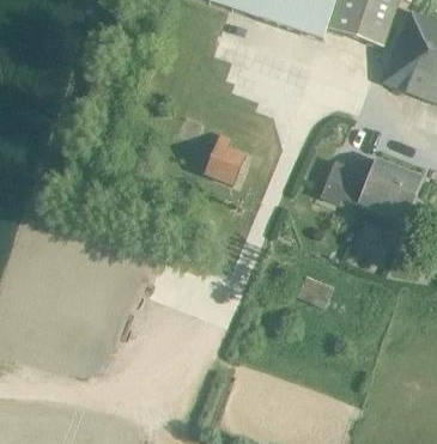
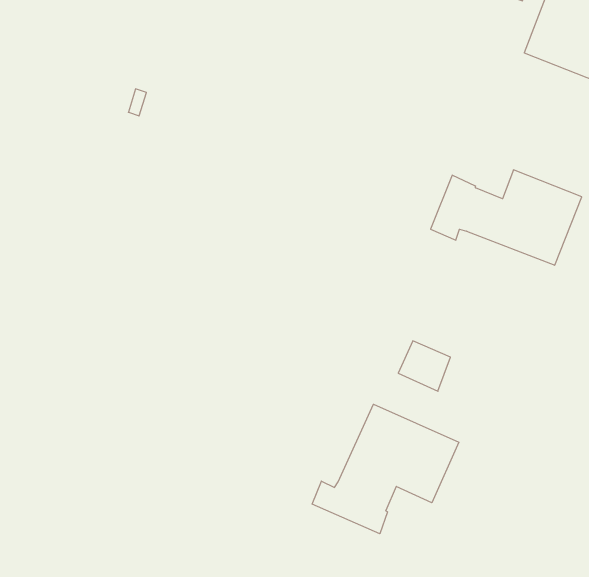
building: [202,133,244,183] -> none
building: none -> [312,404,459,534]

